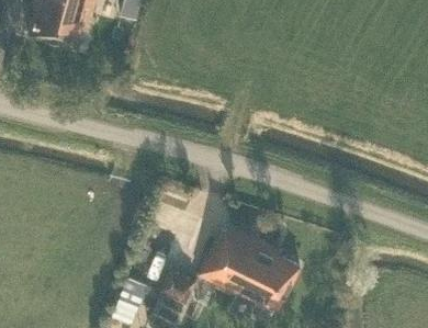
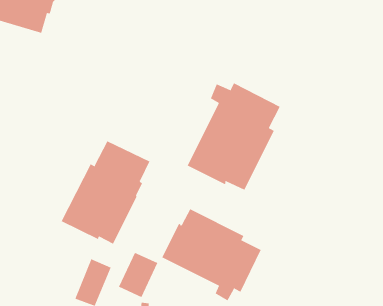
building: none -> [187,82,280,190]
building: none -> [61,141,150,245]

